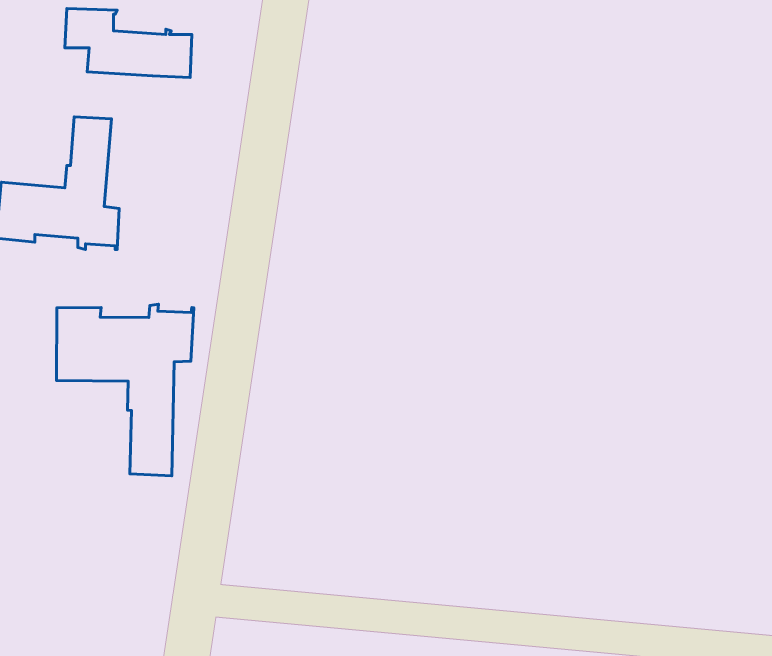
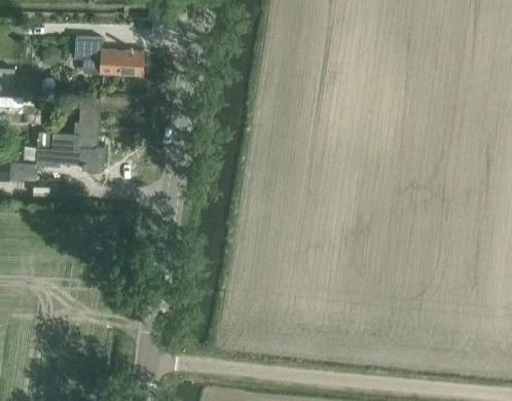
building: [56,304,194,476] -> none

